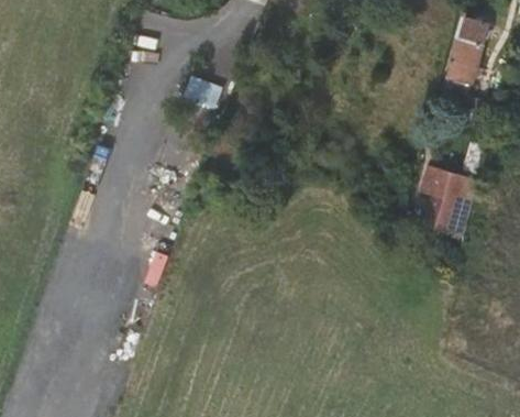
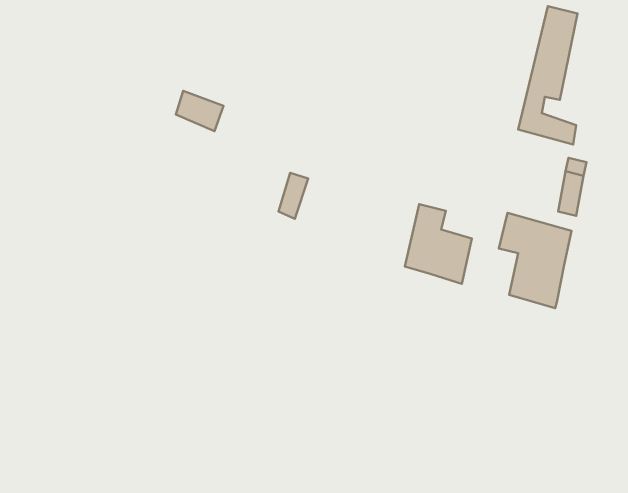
building: none -> [405,204,472,284]

